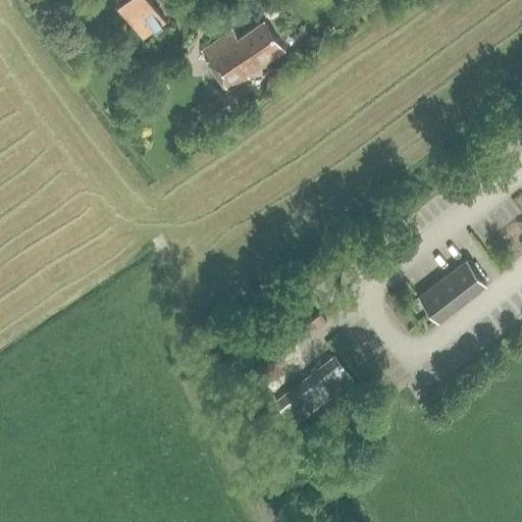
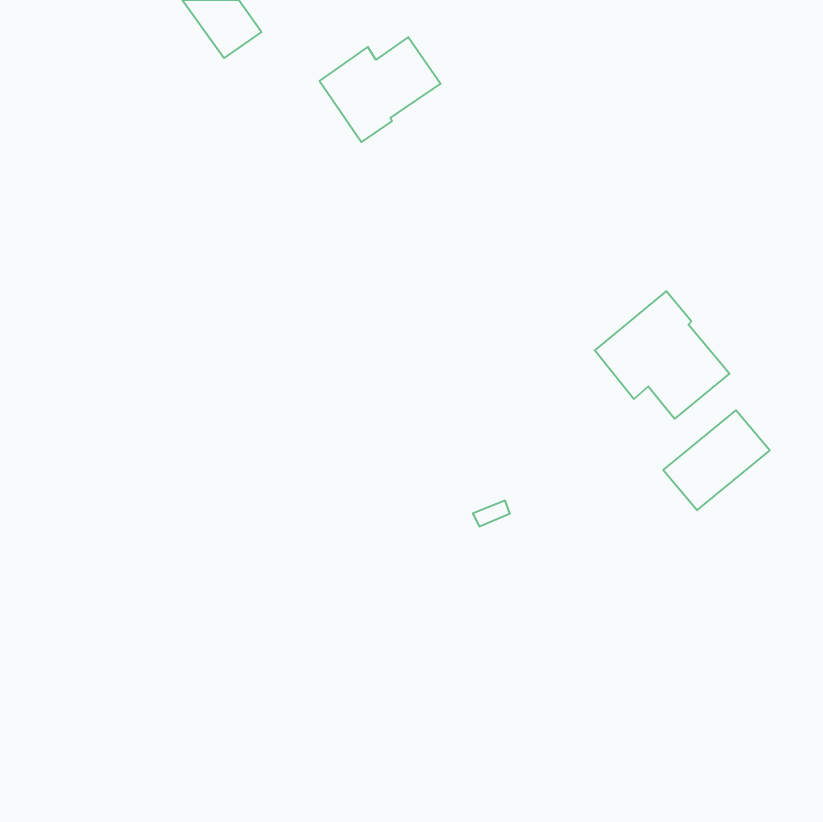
building: none -> [595,291,729,419]
building: [275,354,359,425] -> none

